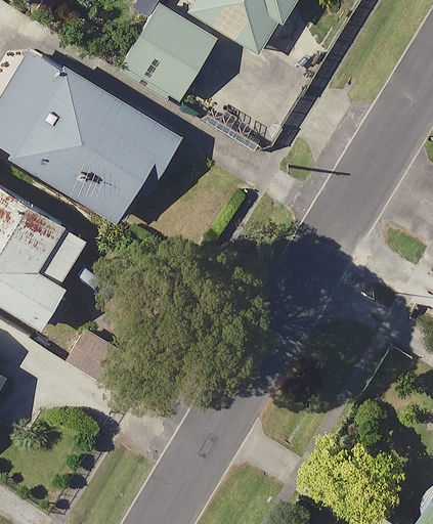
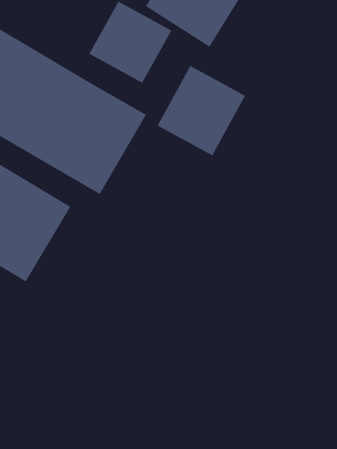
building: none -> [157,65,246,156]

